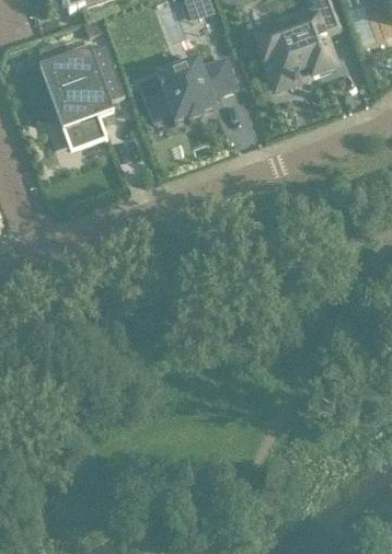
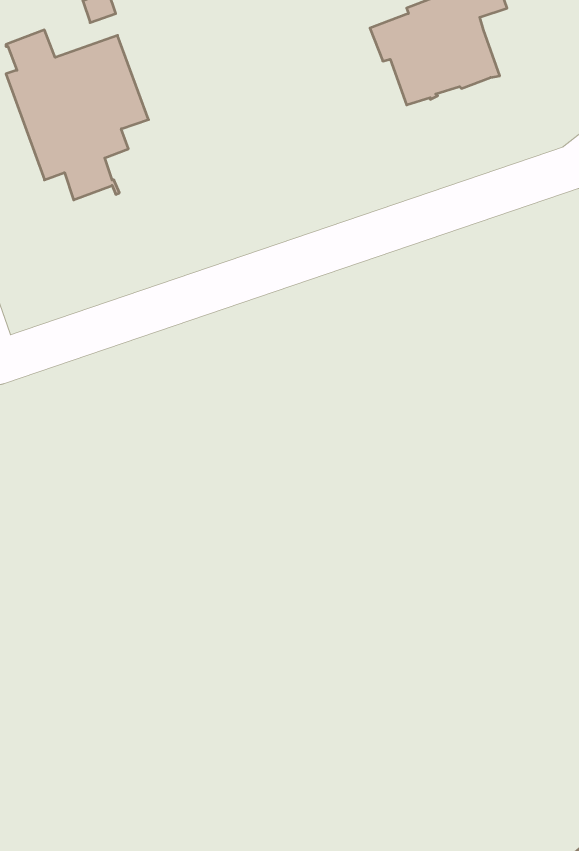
building: [143,59,237,124] -> none

